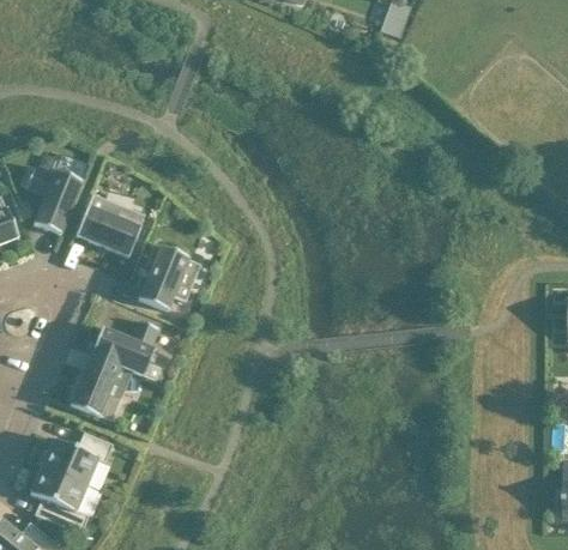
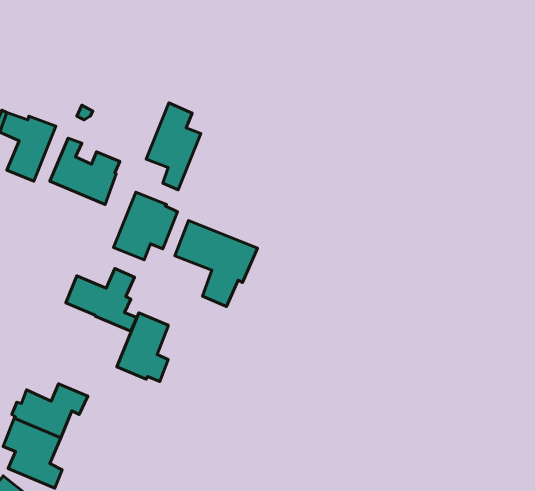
building: none -> [146,103,201,190]
building: none -> [175,221,257,306]
building: [68,353,119,421] -> [117,313,168,382]

